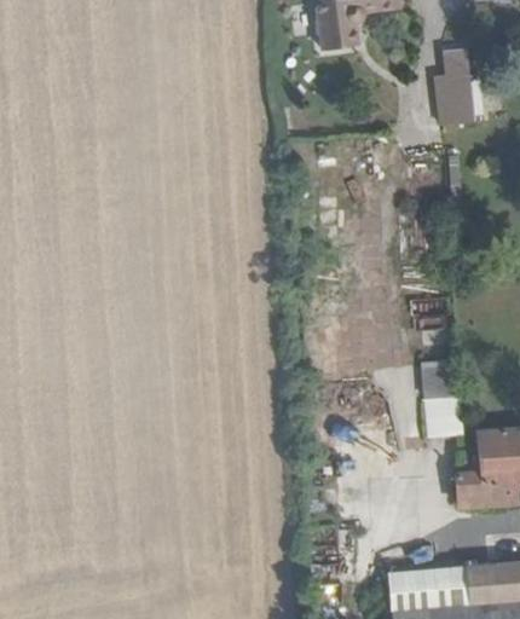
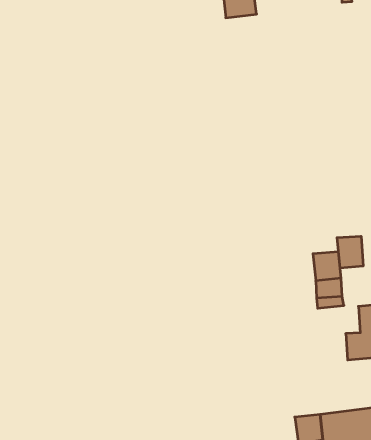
building: [424,46,466,123] -> none
building: none -> [337,236,363,268]

